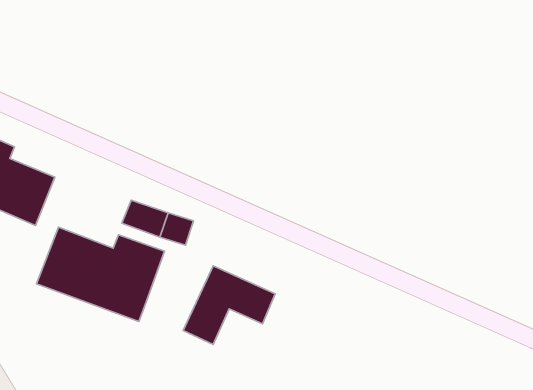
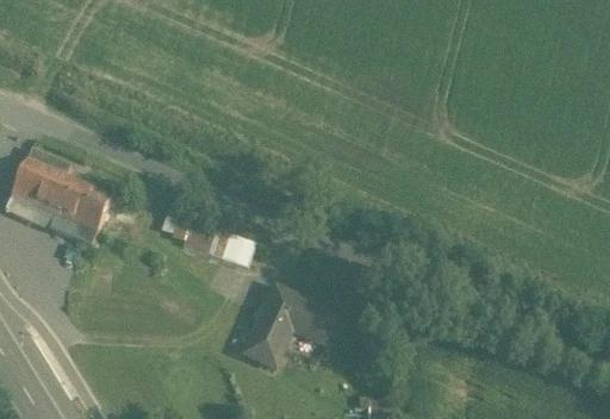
building: [36,227,164,321] -> none

